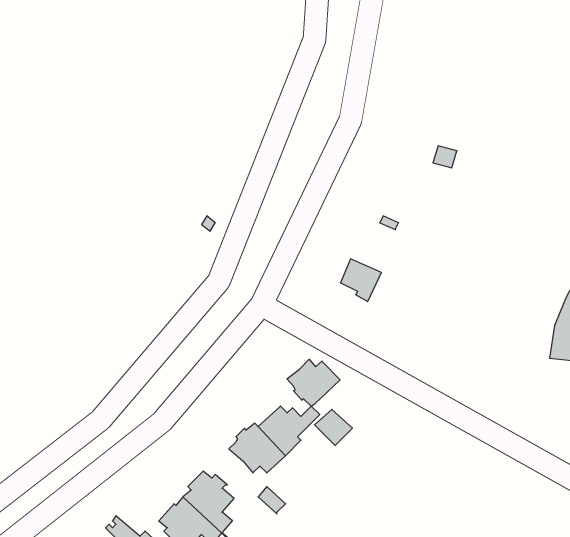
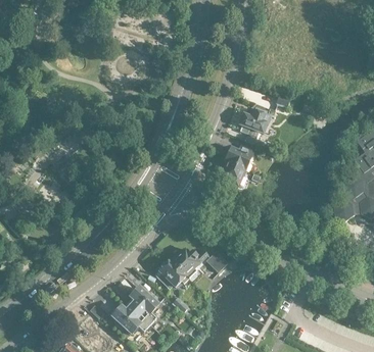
building: none -> [236,107,269,133]
building: none -> [223,143,251,169]
building: [287,359,340,406] -> none

